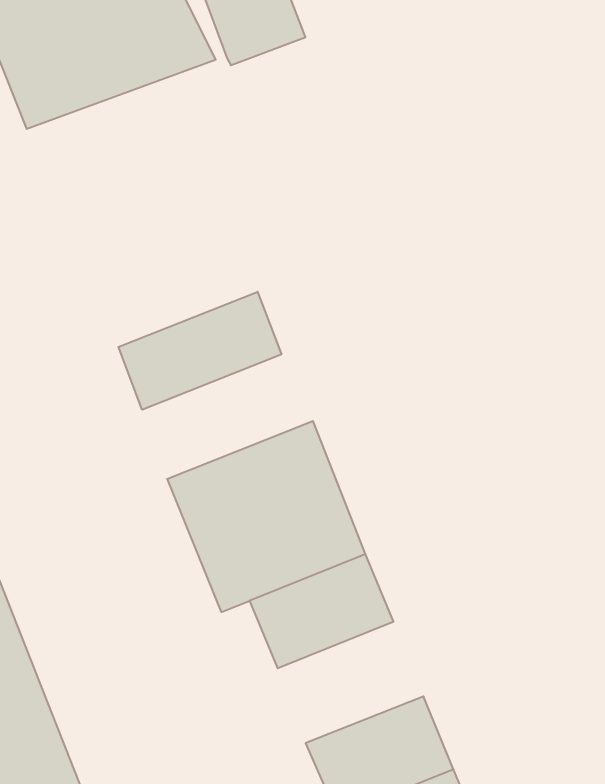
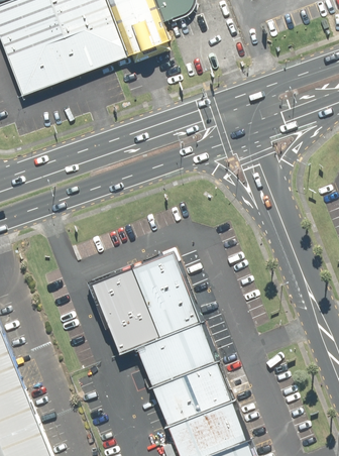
building: [118,292,281,410] -> none
building: none -> [155,360,234,426]

